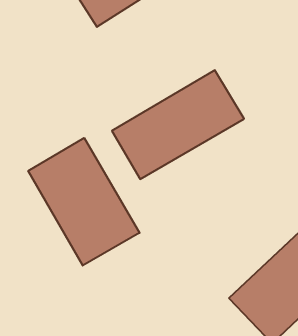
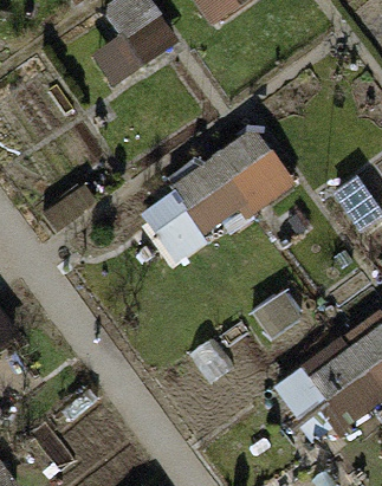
building: [28,138,140,266] -> none

